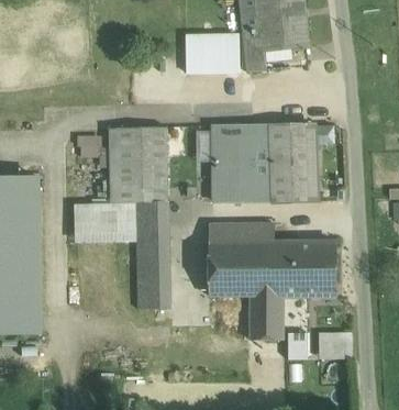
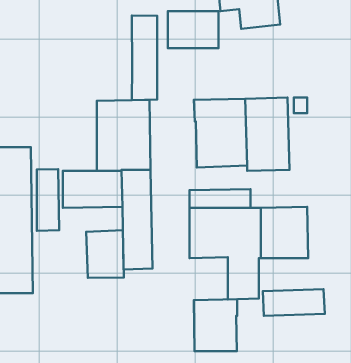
building: [242,30,266,71] -> none
building: none -> [132,15,157,100]
building: none -> [37,169,59,231]
building: none -> [86,230,124,278]
building: none -> [194,299,237,351]

